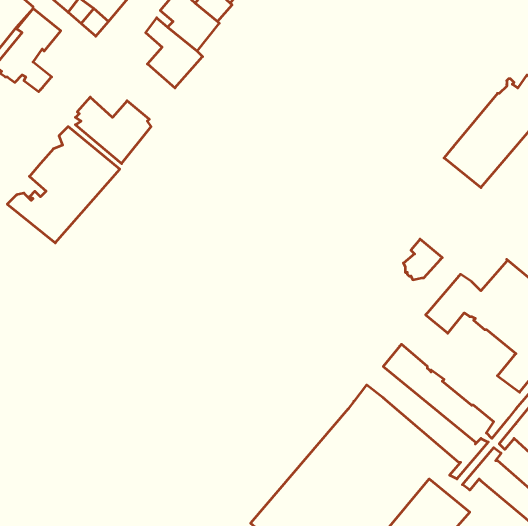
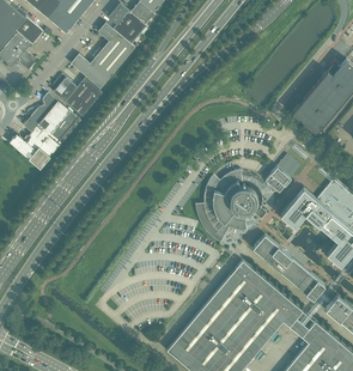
building: none -> [71,53,117,89]
building: none -> [196,170,255,242]

